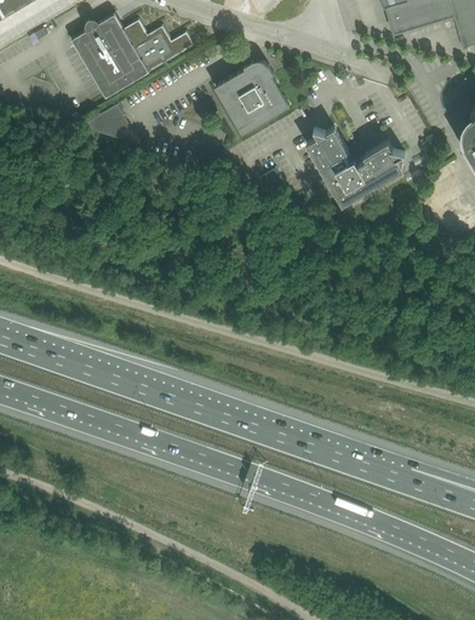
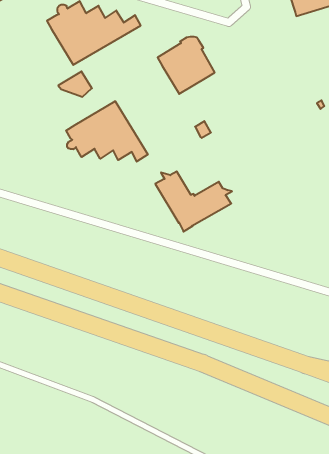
building: [305,128,405,206] -> [155,171,232,232]
building: none -> [66,101,148,162]

